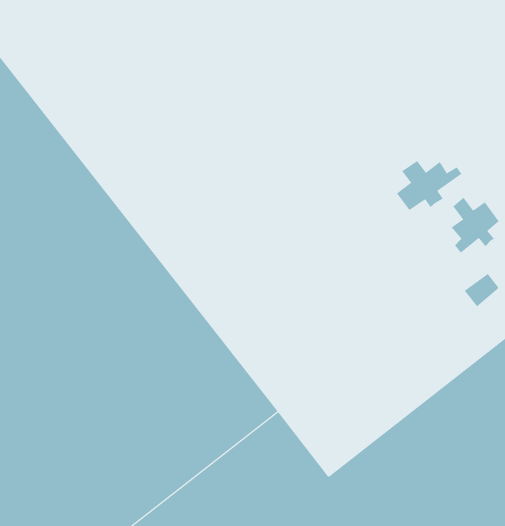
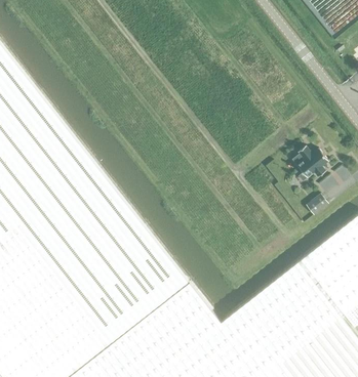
building: [396,160,462,211] -> none

